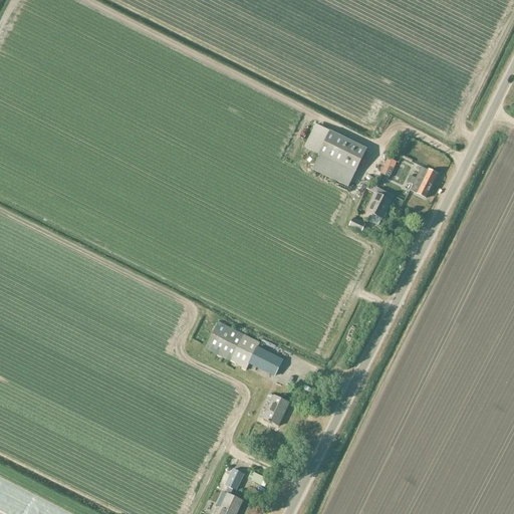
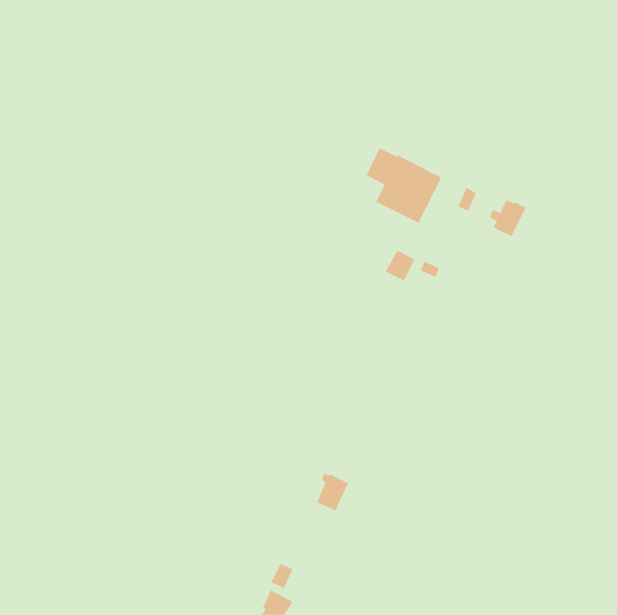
building: [366,192,392,218] -> [385,250,415,281]
building: [205,320,283,375] -> none

